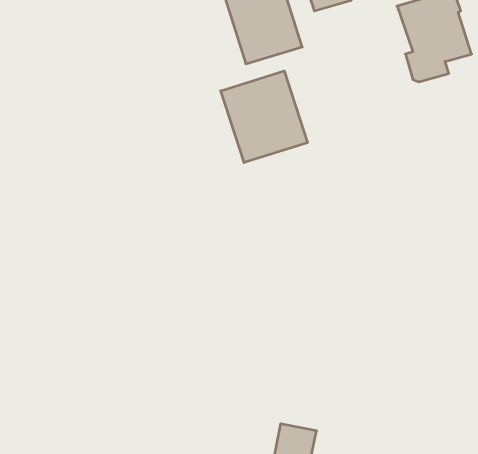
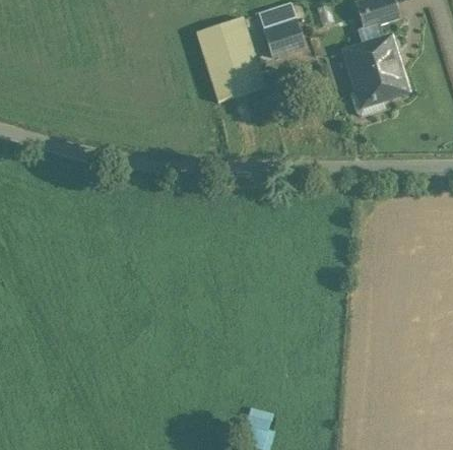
building: [221,71,307,163] -> none

